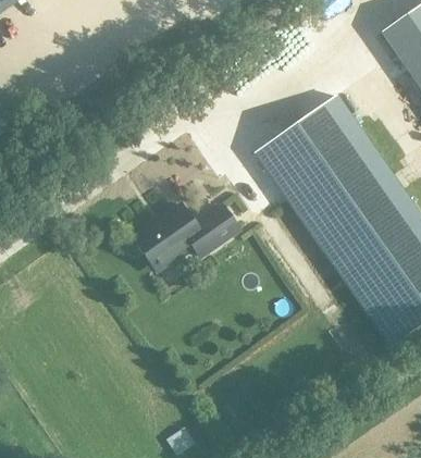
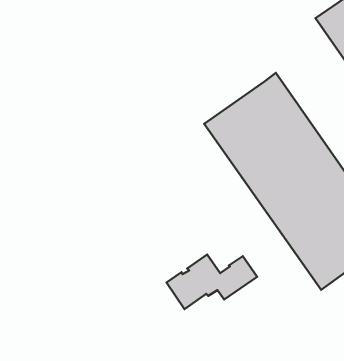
building: [134,203,238,267] -> [167,254,257,309]

